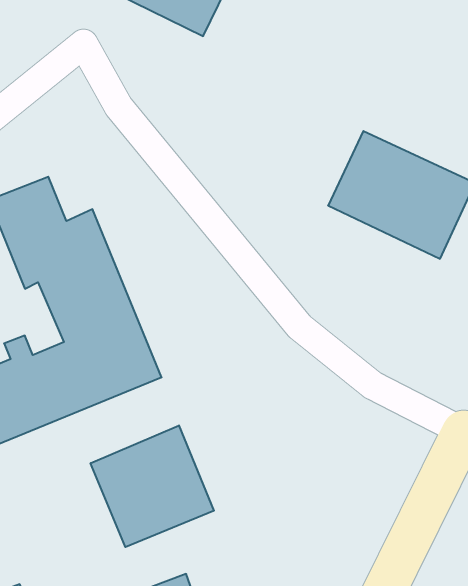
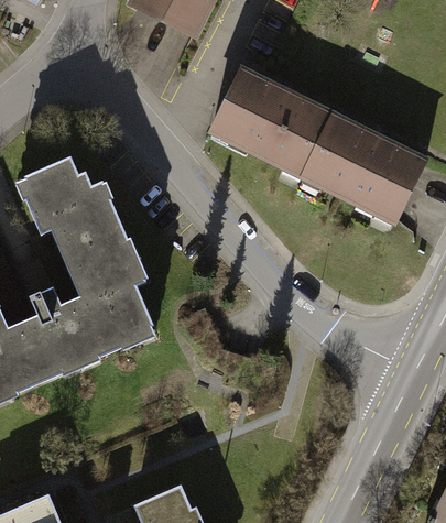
building: none -> [210,73,334,179]
building: [91,425,214,547] -> none

